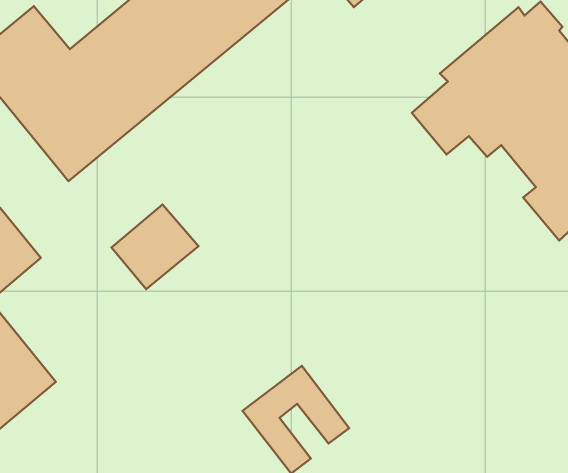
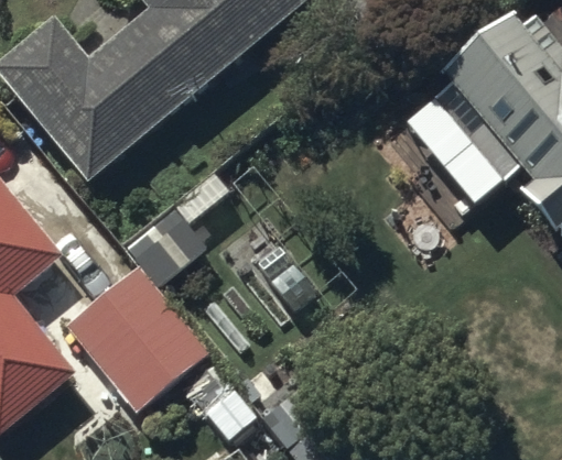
building: none -> [65,264,209,409]

